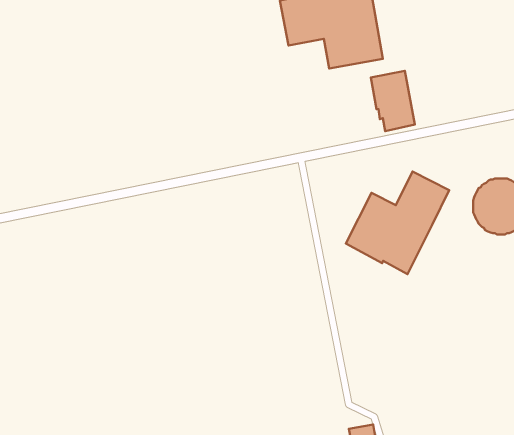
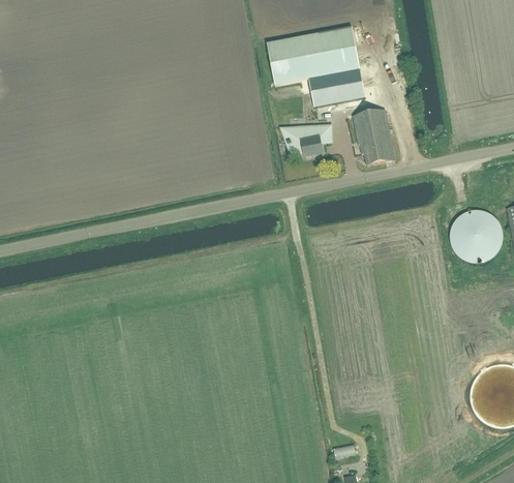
building: none -> [283,125,323,156]
building: [346,172,449,274] -> none

